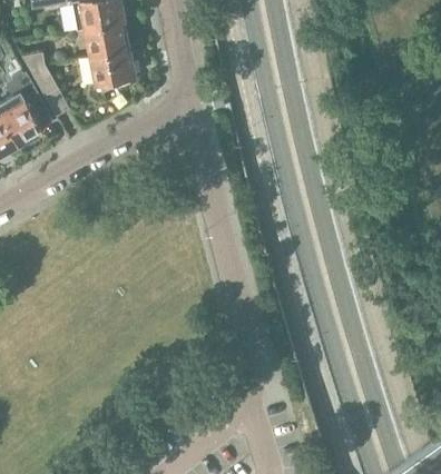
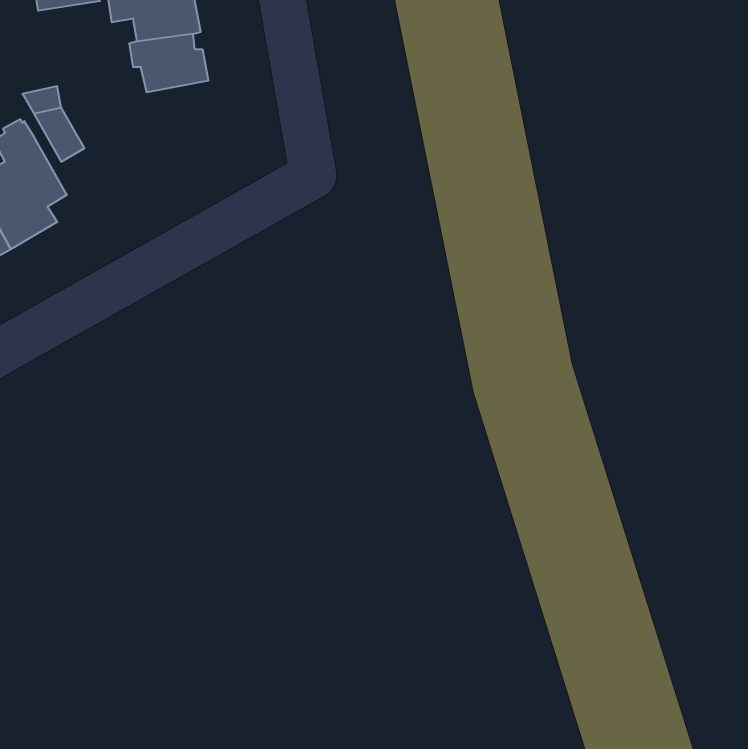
building: [89,50,135,87] -> none

